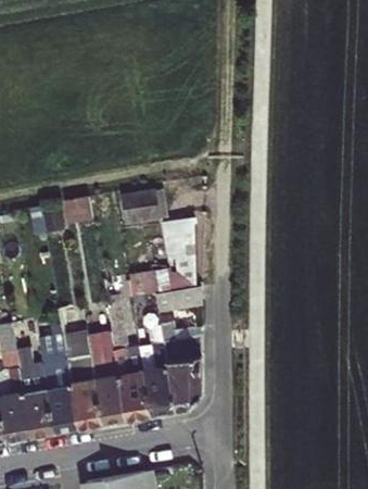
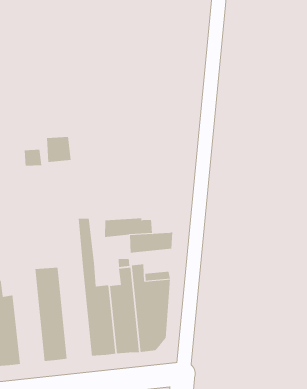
building: [120,189,165,222] -> none
building: [164,220,195,288] -> none
building: [87,330,126,422] -> none
building: [42,333,78,430] -> none

